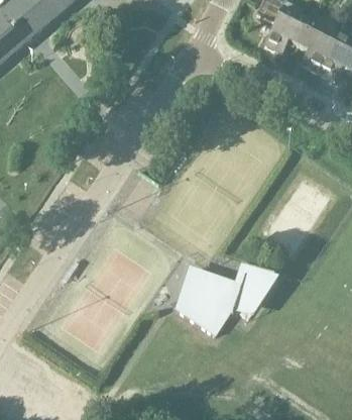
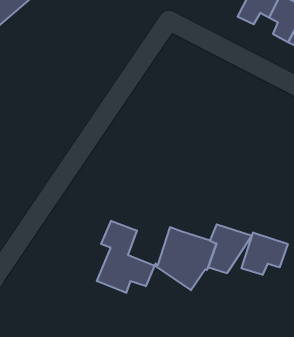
building: none -> [97,221,155,293]
building: none -> [241,232,288,275]

